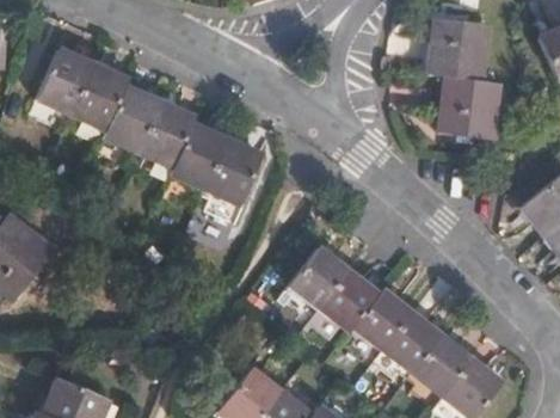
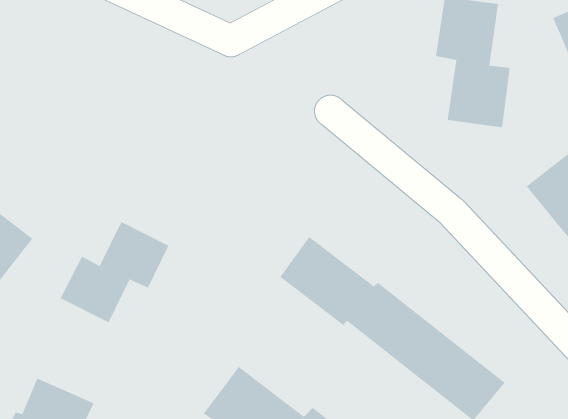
building: [35,47,259,201] -> none
building: none -> [60,221,169,323]

